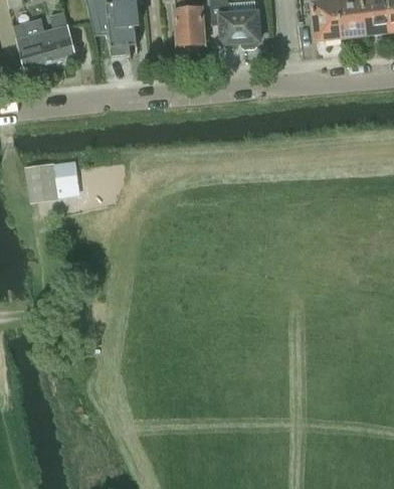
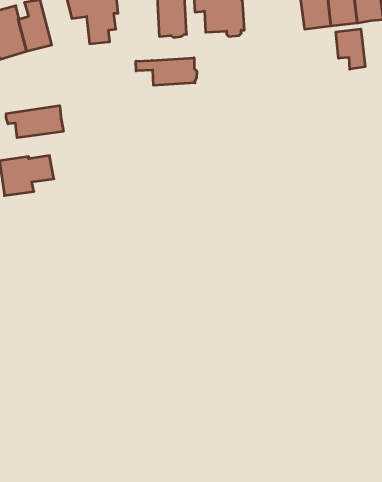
building: none -> [336,29,365,69]
building: none -> [136,58,197,85]
building: none -> [6,106,63,138]

